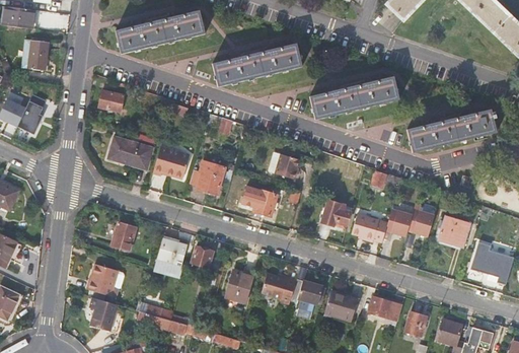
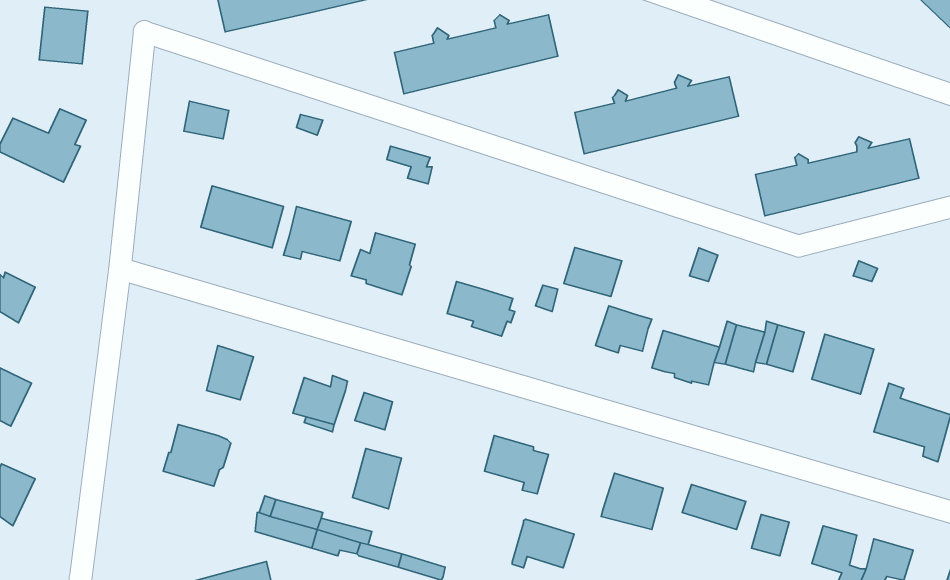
building: [268,151,299,178] -> [564,248,622,297]
building: [226,270,252,302] -> [353,449,402,509]
building: [290,278,323,304] -> [512,519,574,568]
building: [90,298,119,331] -> none

